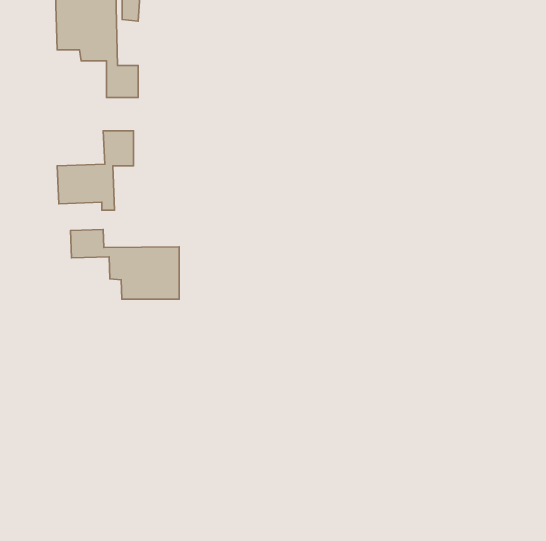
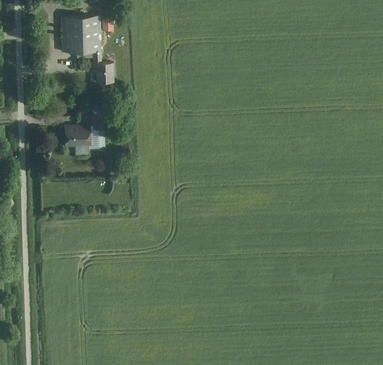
building: [71,230,179,299] -> none

